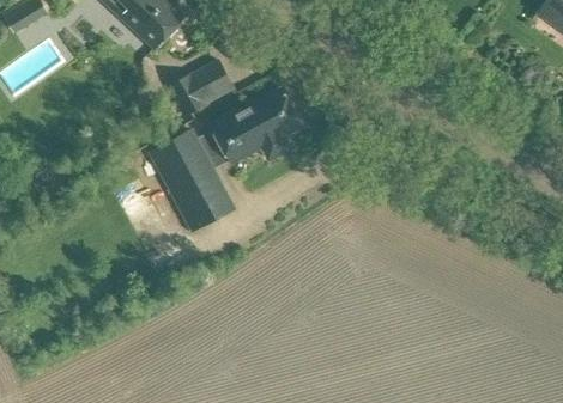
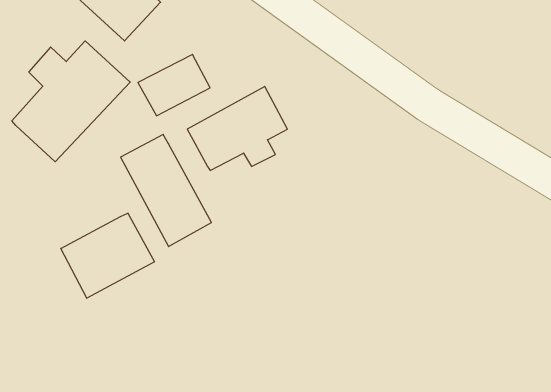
building: none -> [12,41,130,162]
building: none -> [61,213,154,298]

